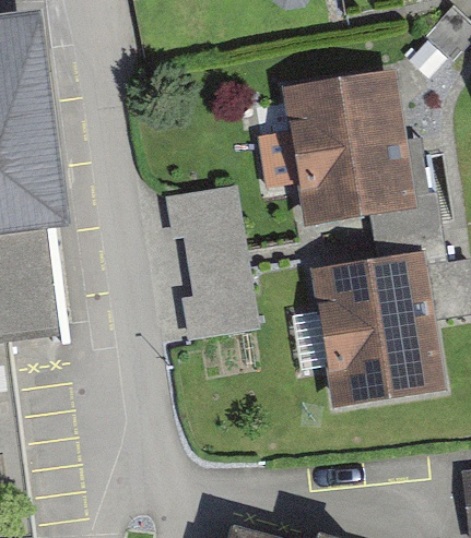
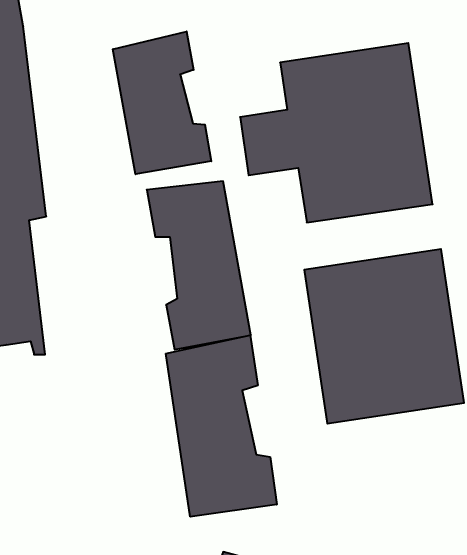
building: none -> [113,31,211,174]
building: none -> [166,335,277,517]

